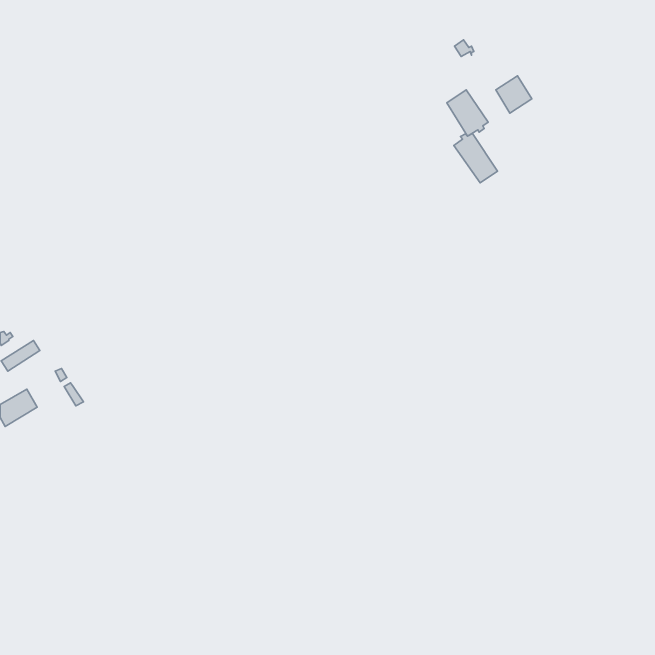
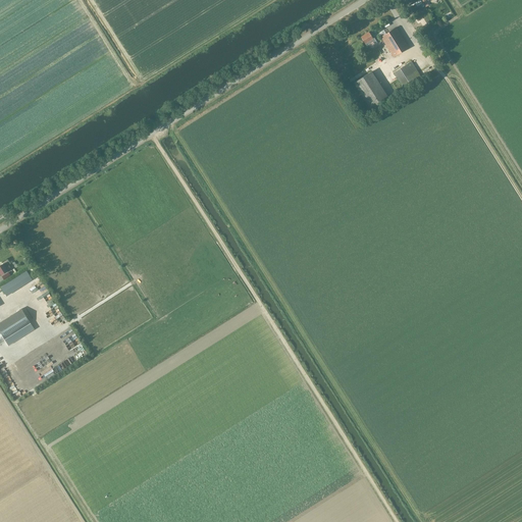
building: none -> [381,27,409,56]
building: [454,133,497,183] -> none

